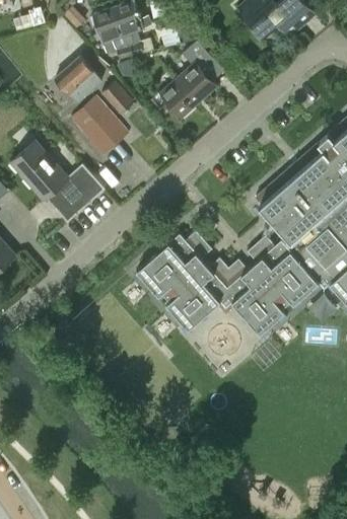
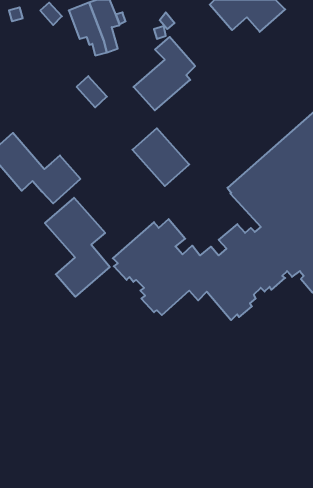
building: [55,56,100,102] -> none
building: [69,97,128,157] -> [132,128,189,186]
building: none -> [45,198,110,297]

